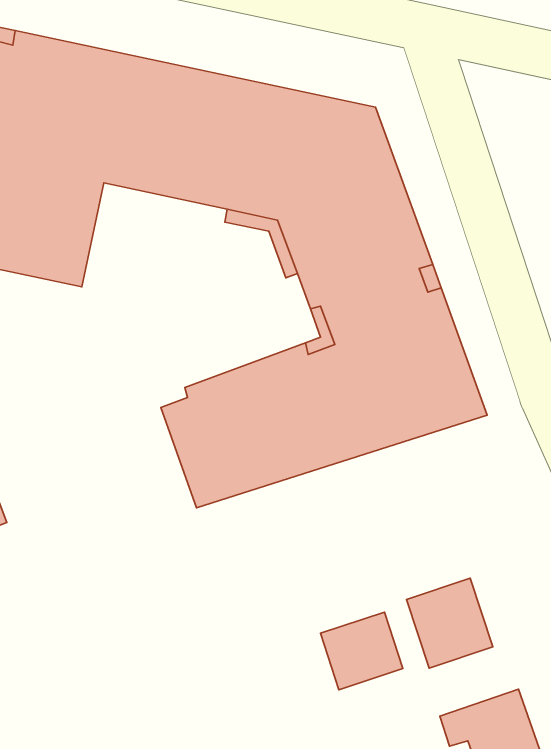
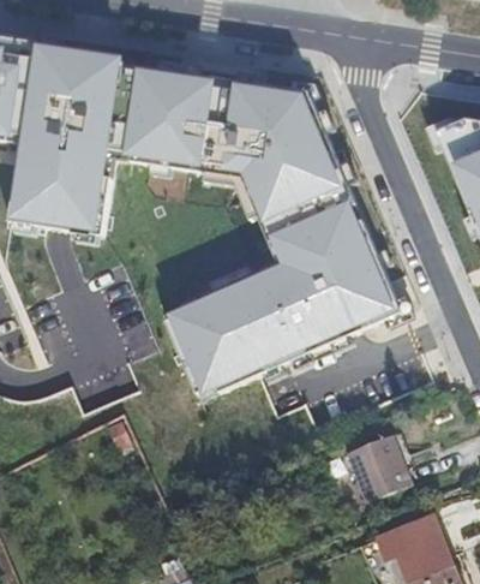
building: [321,612,403,690] -> none

